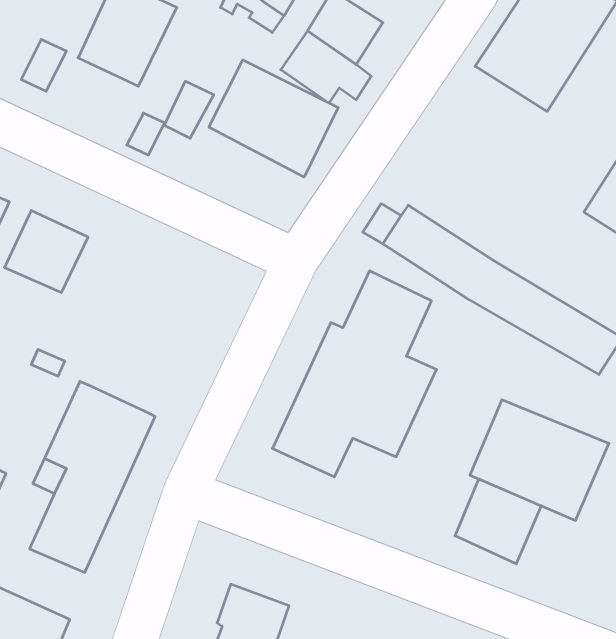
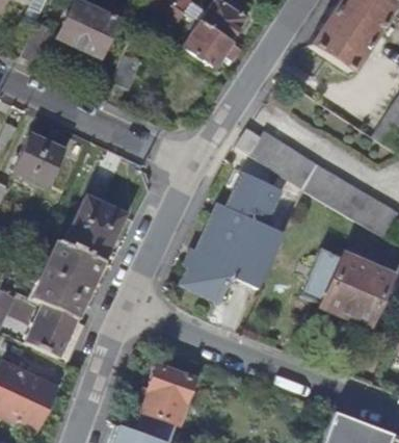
building: [209,60,338,177] -> none
building: none -> [69,196,129,261]
building: [455,479,541,564] -> none

